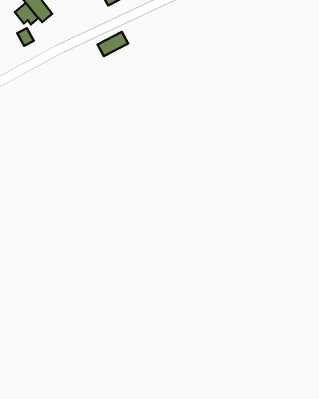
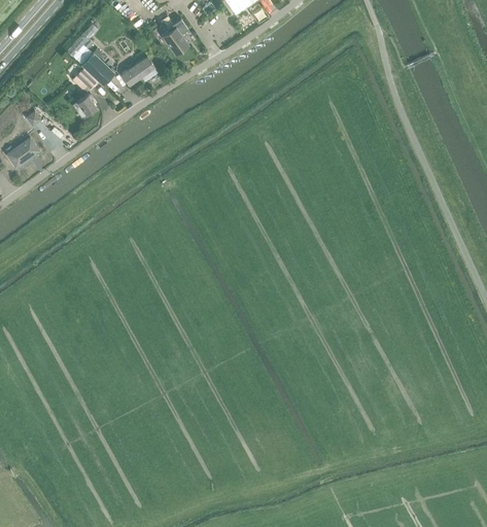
building: [98,32,128,56] -> [121,57,156,87]

